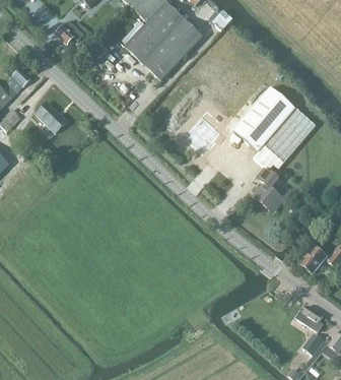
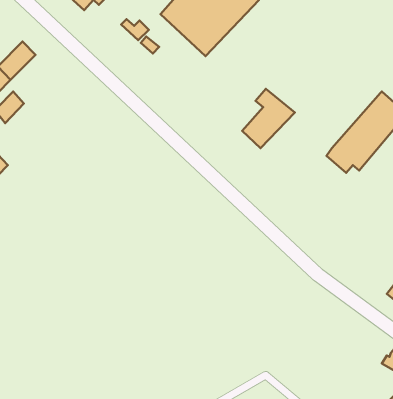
building: [232,87,295,151] -> none
building: [35,103,66,133] -> none
building: [256,171,280,210] -> none

